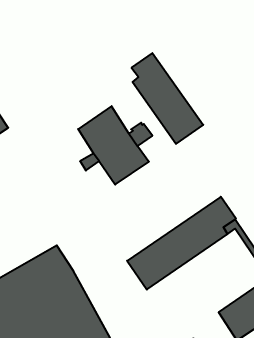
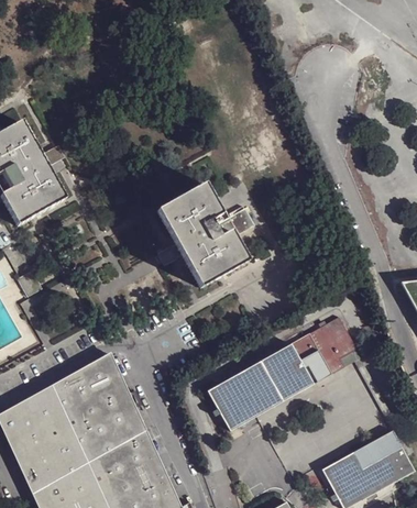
building: [132,53,203,144] -> none

